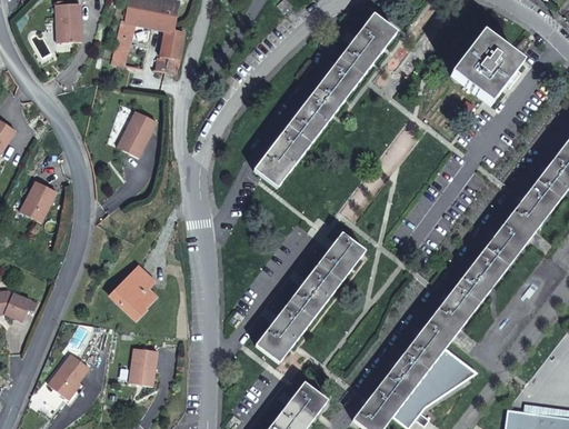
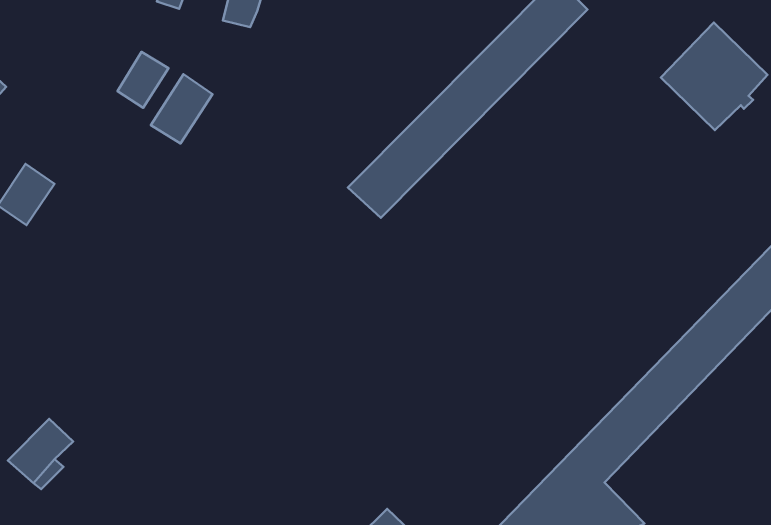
building: none -> [117,52,168,108]
building: [253,235,365,363] -> none
building: [110,265,151,317] -> none
building: [128,342,157,382] -> none

